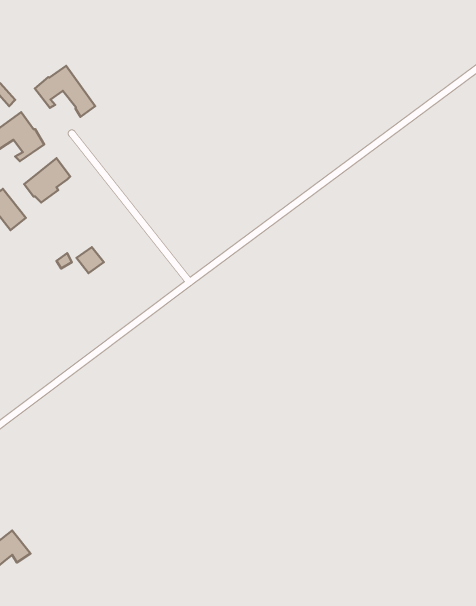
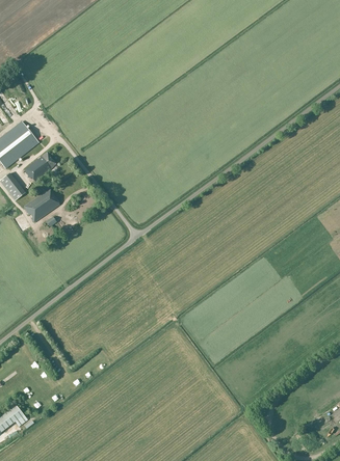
building: [35,66,95,117] -> none
building: none -> [24,189,59,222]

